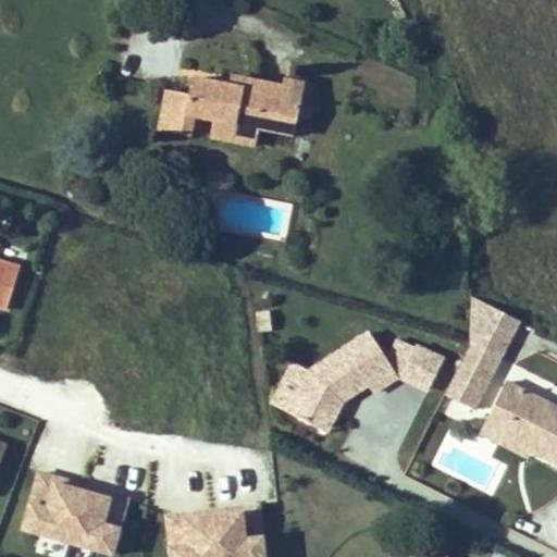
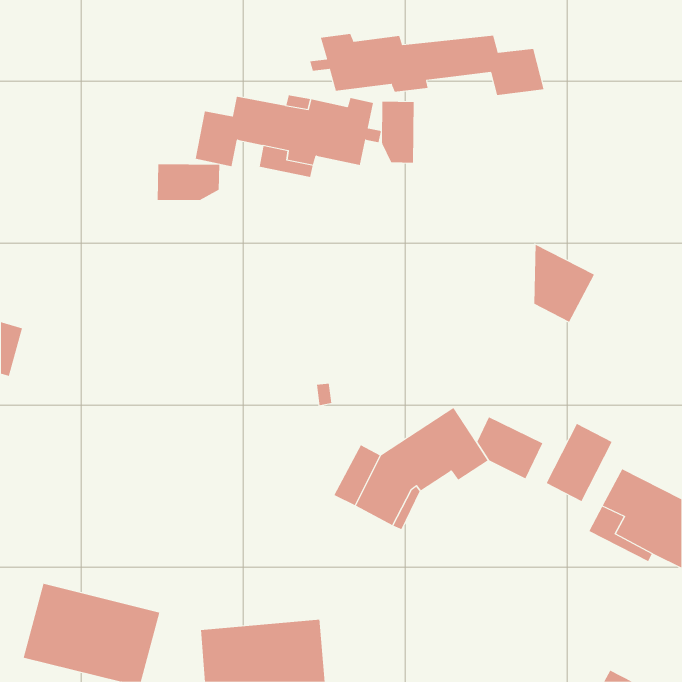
building: none -> [309,33,544,96]
building: none -> [382,101,414,164]
building: none -> [157,163,220,201]
building: [470,296,520,360] -> [533,244,595,323]

